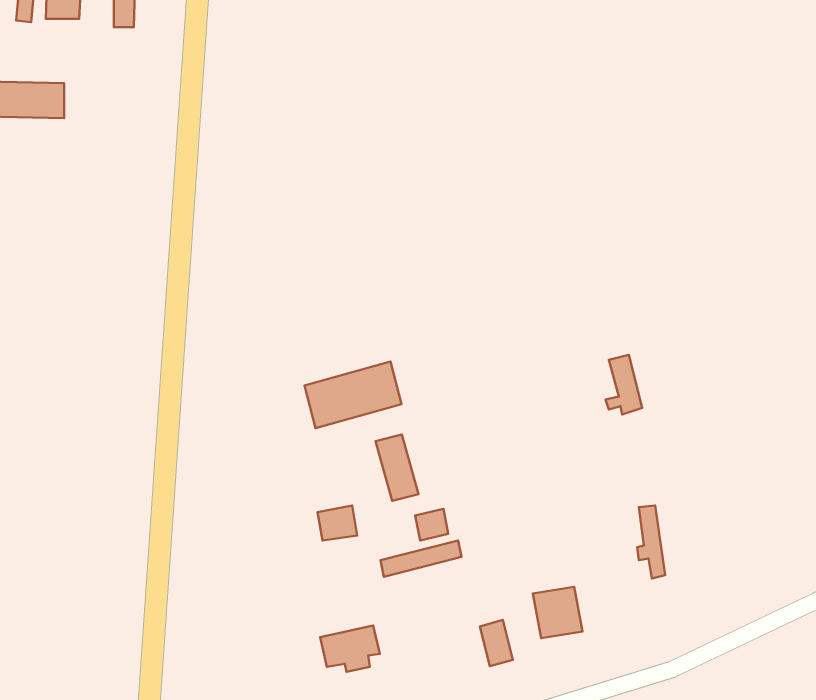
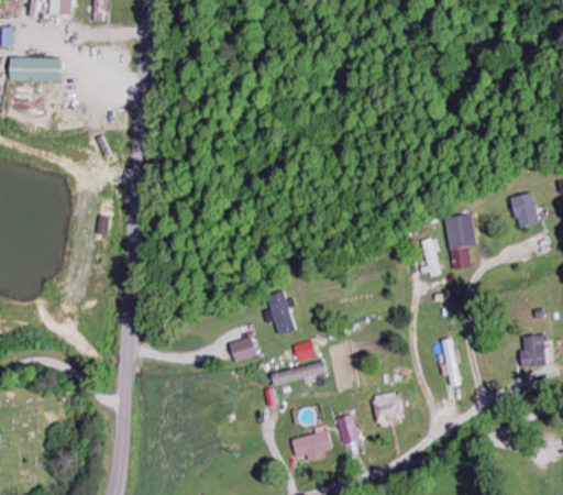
building: none -> [511,193,538,227]
building: none -> [448,215,476,268]
building: [304,362,402,428] -> none
building: none -> [519,334,545,366]
building: [320,626,380,672] -> [290,429,330,460]

